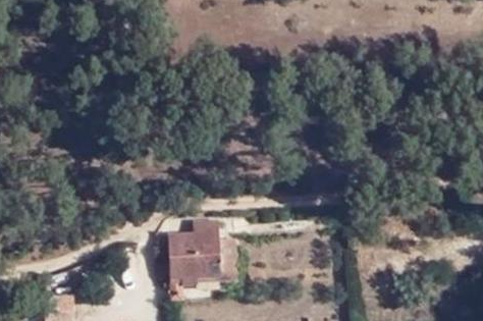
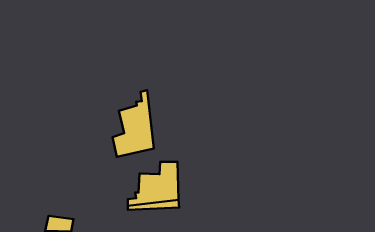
building: none -> [113,90,154,157]

